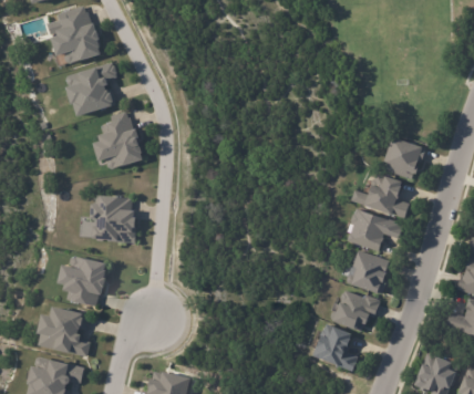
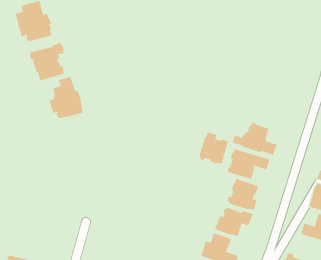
building: [380,137,426,179] -> none
building: none -> [199,131,229,165]
building: [91,193,136,239] -> none
building: [59,255,107,305] -> none
building: [37,305,91,355] -> none

